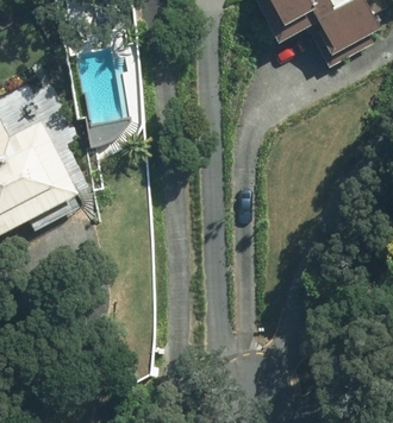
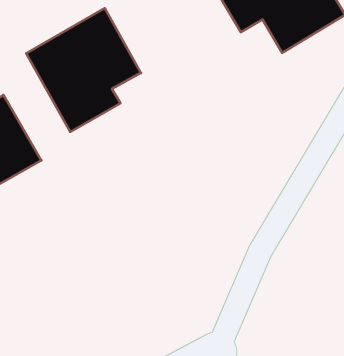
building: none -> [26,8,141,132]

